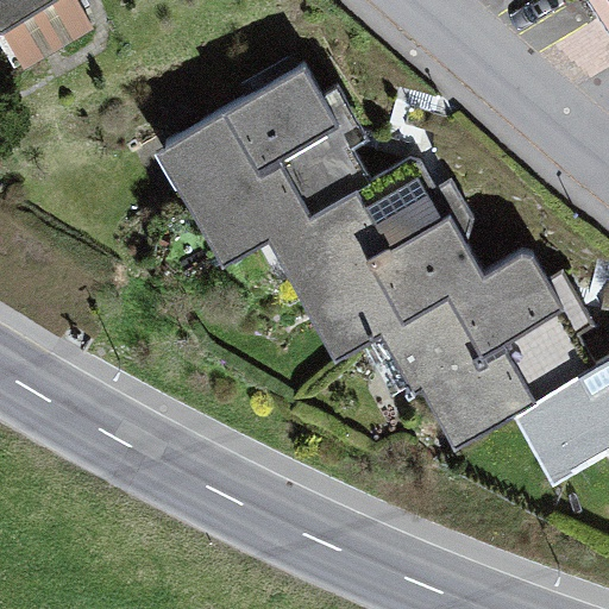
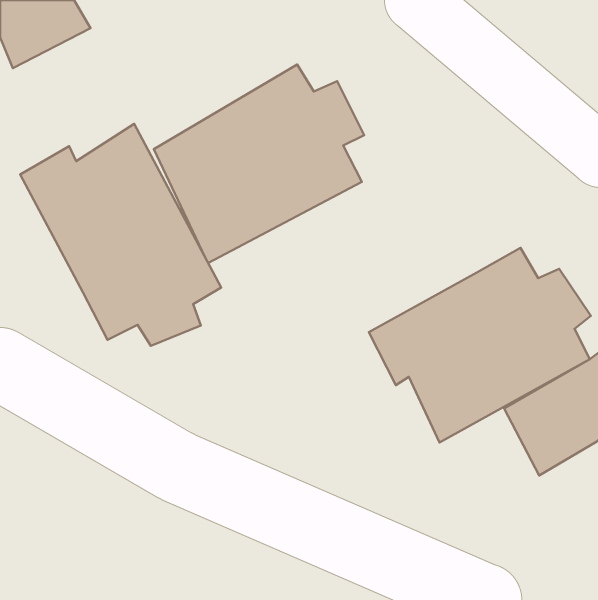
building: none -> [20,124,221,346]
building: [264,163,485,360] -> none

